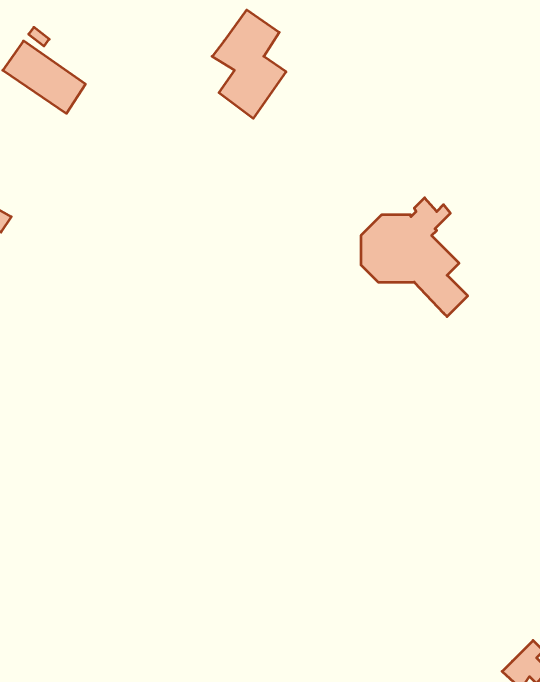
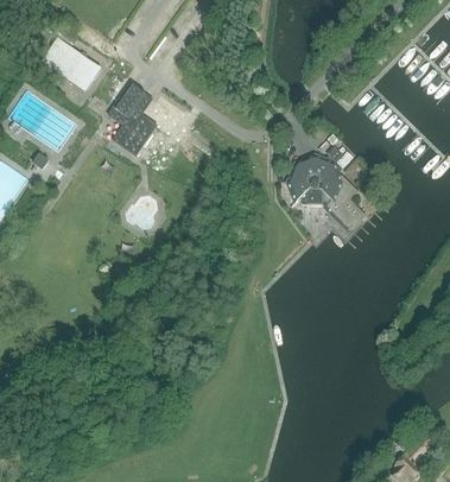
building: [212,10,286,118] -> [107,82,158,157]

